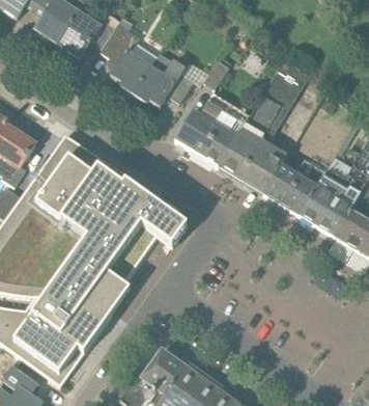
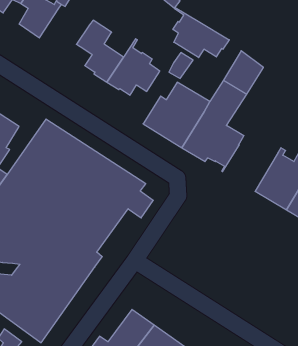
building: none -> [173,7,229,58]
building: [58,10,114,58] -> none
building: [263,159,325,216] -> none

